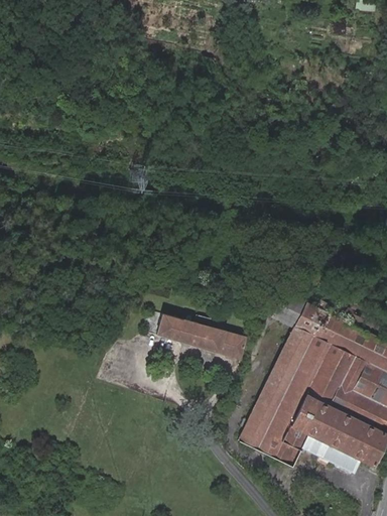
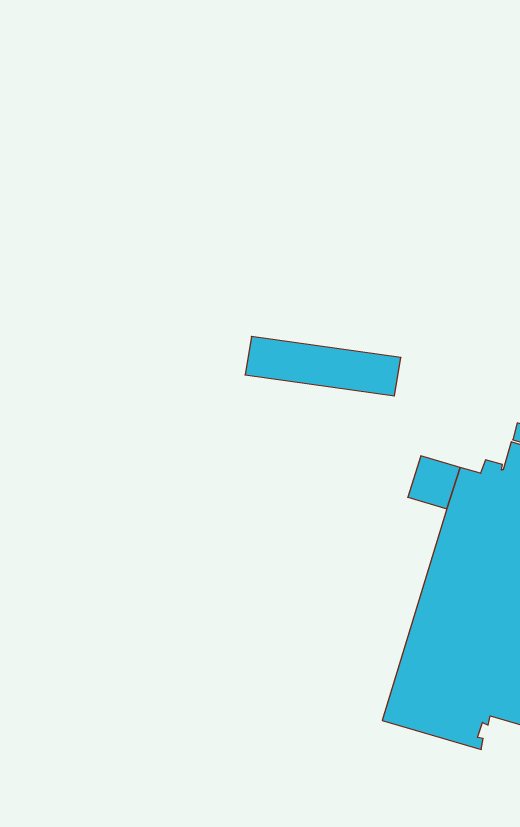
building: [152,311,242,358] -> [245,336,401,396]

